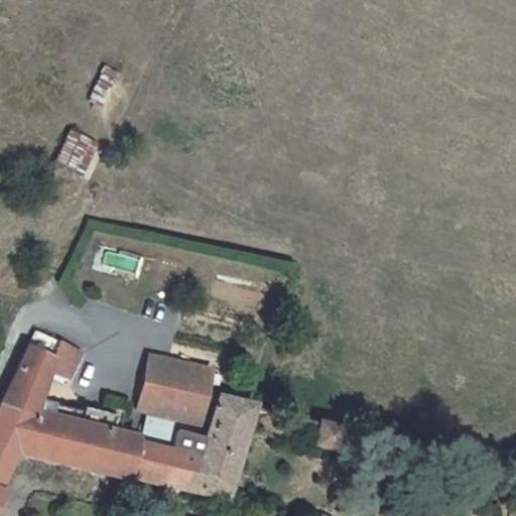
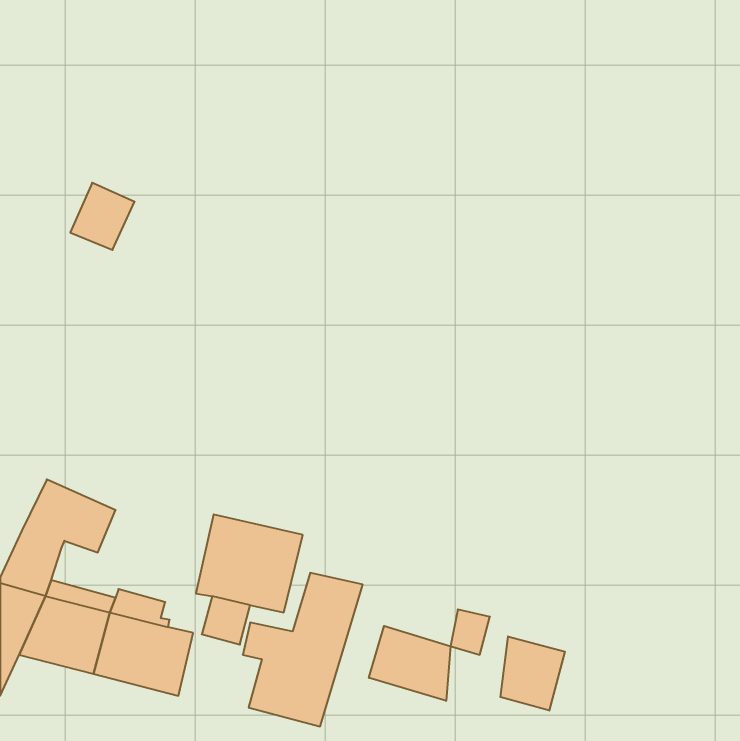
building: none -> [369,626,450,701]
building: none -> [500,636,565,711]
building: [129,441,185,488] -> none

